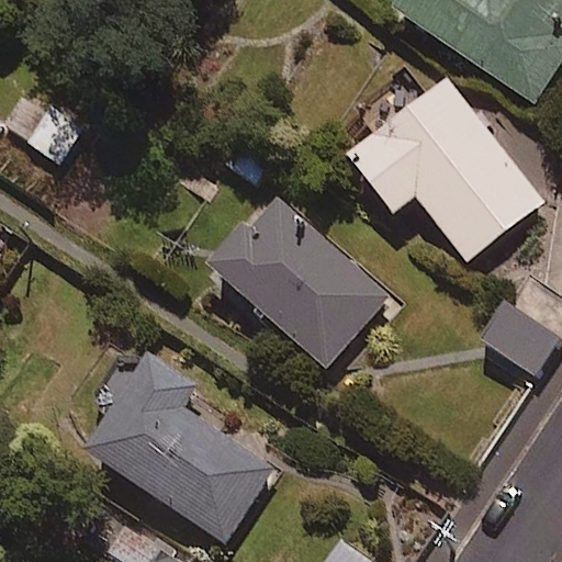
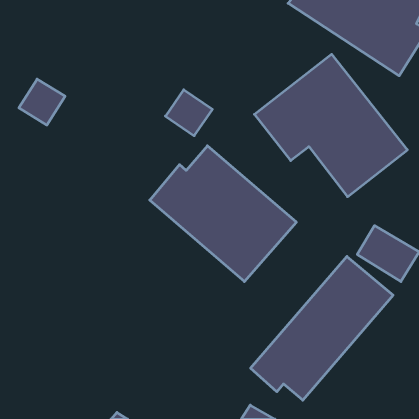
building: none -> [251,256,393,400]
building: [78,350,284,549] -> none

